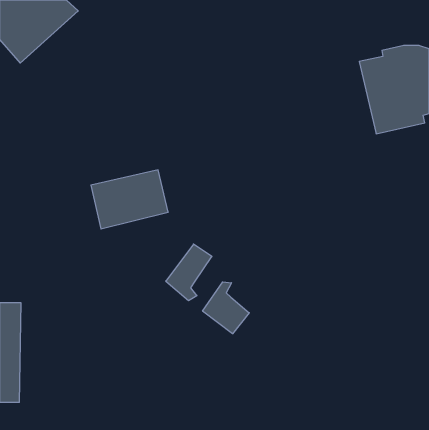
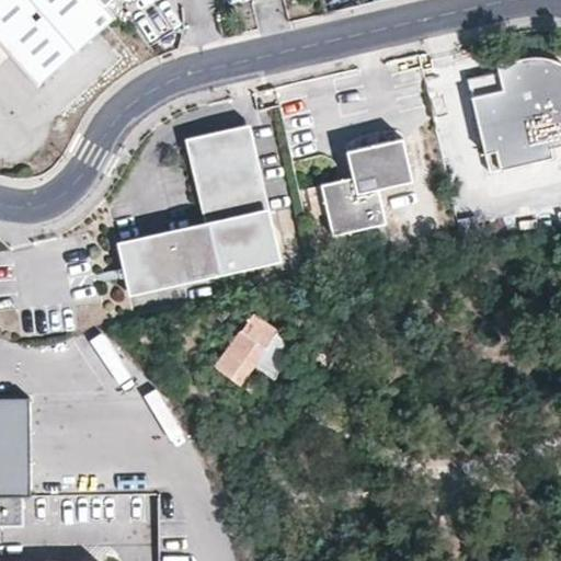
building: none -> [186,123,282,276]
building: none -> [321,140,413,238]
building: [203,282,249,334] -> none

